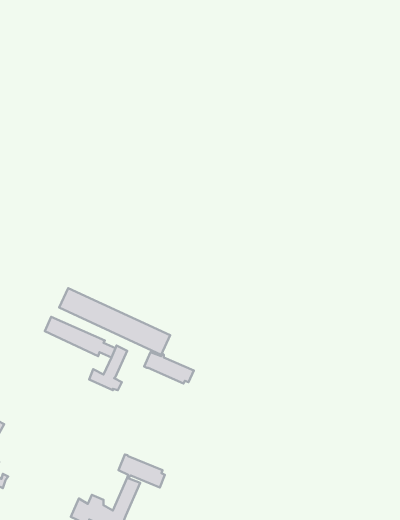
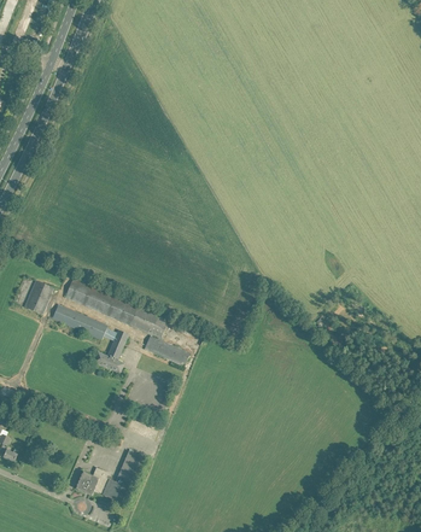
building: none -> [22,280,52,314]
building: [119,454,165,488] -> none

